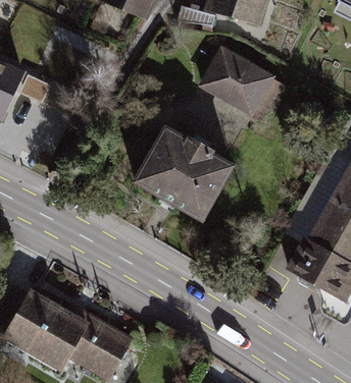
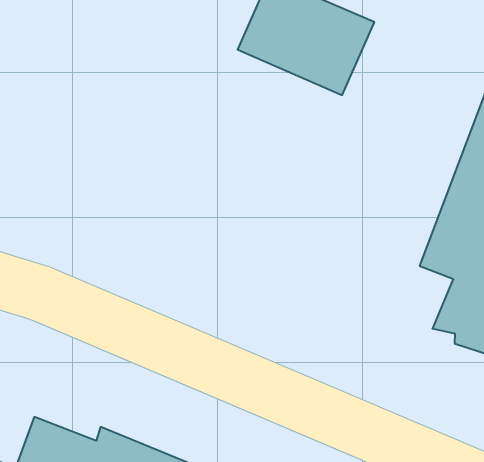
building: [134,130,239,226] -> none

